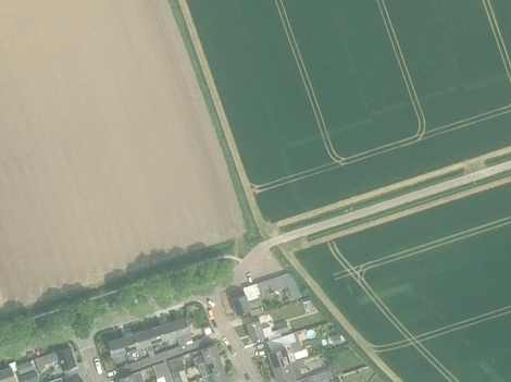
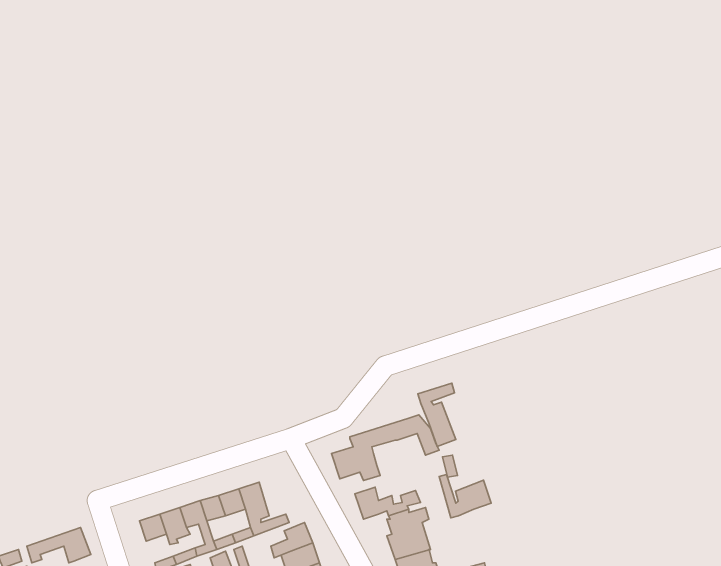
building: none -> [418,383,456,446]
building: none -> [439,475,491,518]

